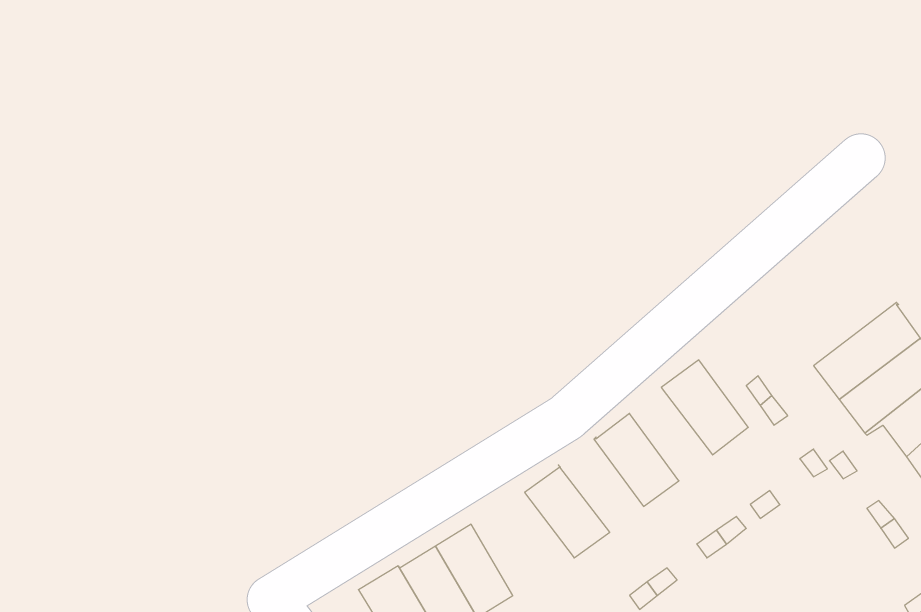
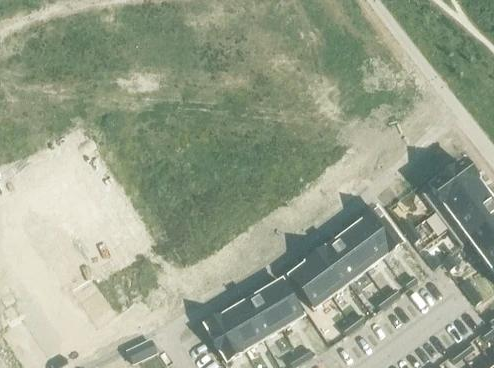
building: none -> [420,161,476,211]
building: none -> [341,222,383,269]
building: none -> [305,248,348,295]
building: none -> [261,280,302,327]

